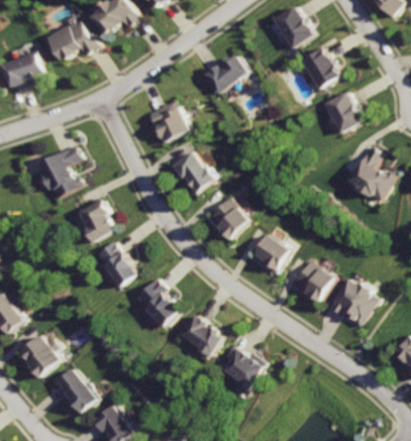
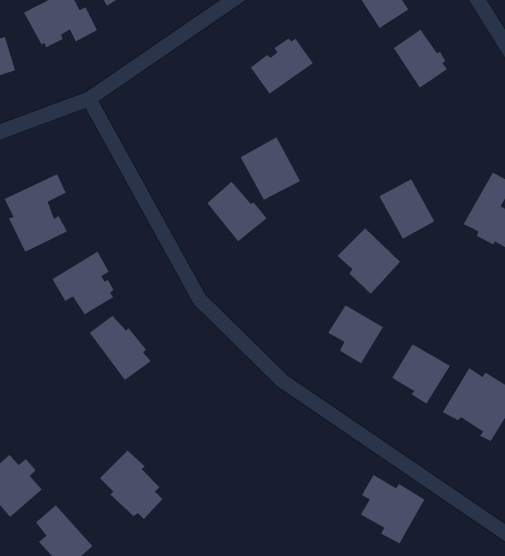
building: [320,92,358,133] -> [379,178,435,240]
building: [145,99,187,142] -> [240,136,301,201]
building: [208,196,251,241] -> [337,227,401,294]
building: [133,279,177,326] -> [99,450,163,520]
building: [179,314,220,358] -> none
building: [222,345,267,393] -> [360,474,425,544]

